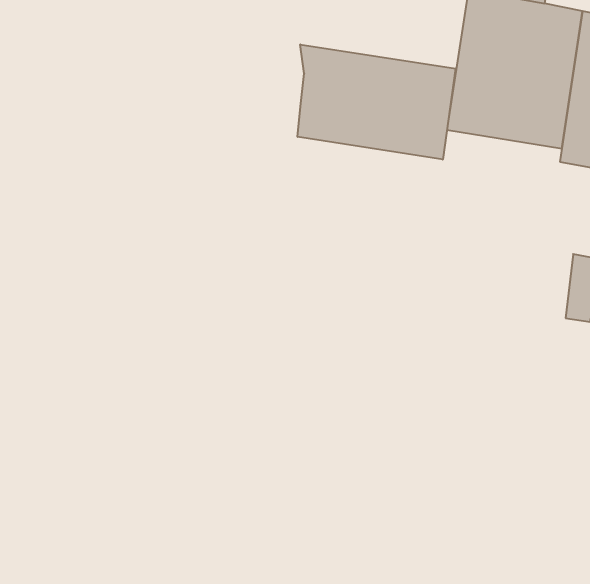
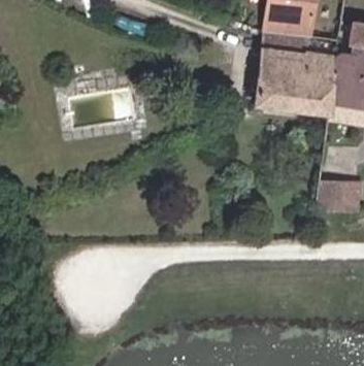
building: [298,44,456,160] -> none

